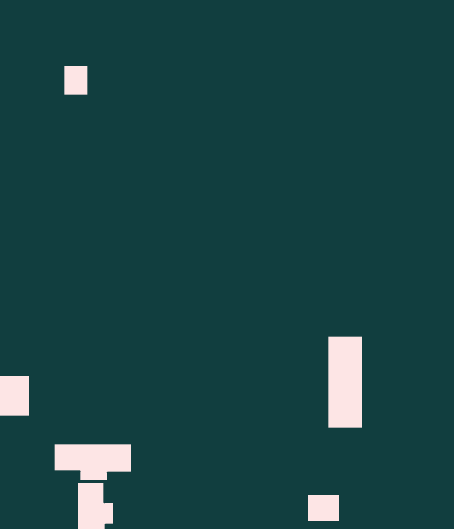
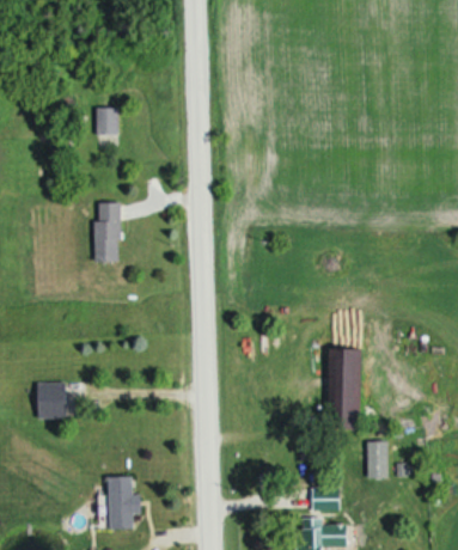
building: none -> [94,203,121,263]
building: none -> [367,441,387,479]
building: [54,444,132,481] -> none

